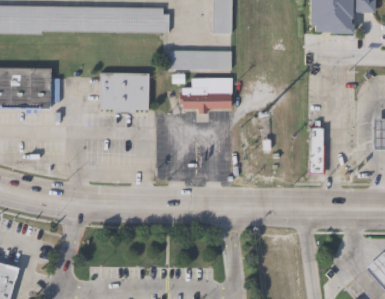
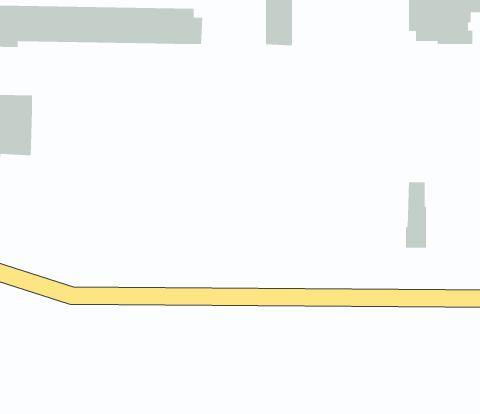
building: [165,49,232,69] -> none
building: [101,72,150,112] -> none
building: [179,84,232,112] -> none

